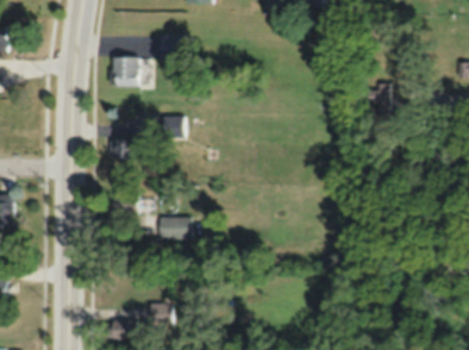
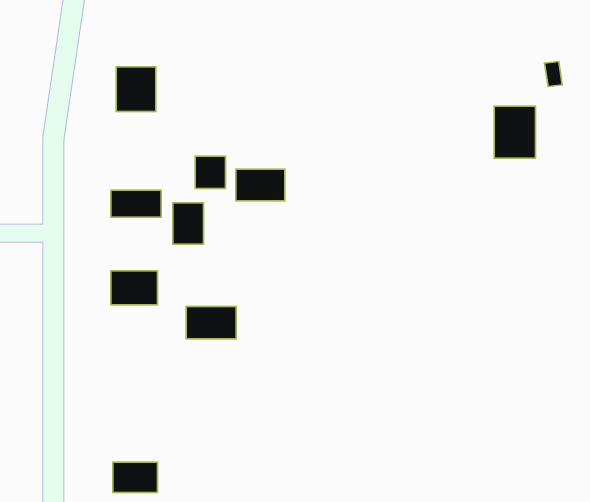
building: none -> [236,169,285,201]
building: none -> [173,203,203,244]
building: [152,304,175,326] -> none

